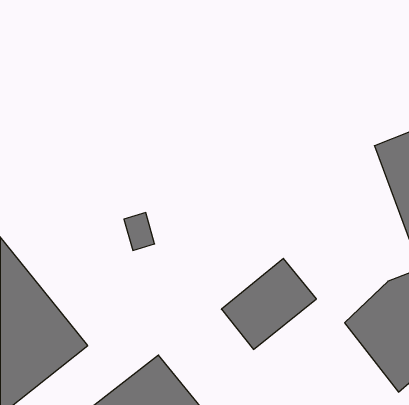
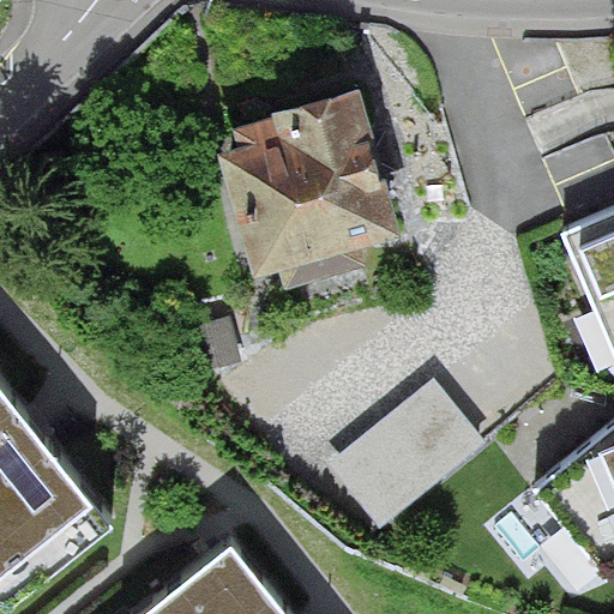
building: none -> [203,85,385,305]

